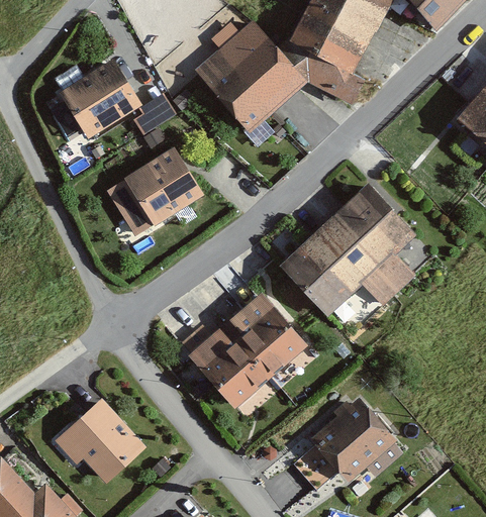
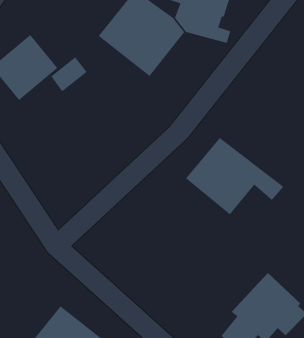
building: [105,147,204,236] -> none
building: [326,182,416,292] -> none
building: [186,291,307,408] -> none

